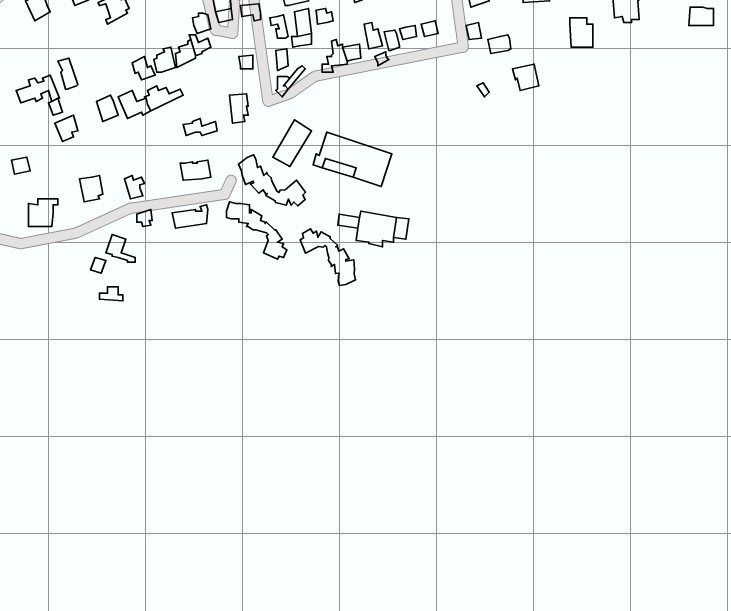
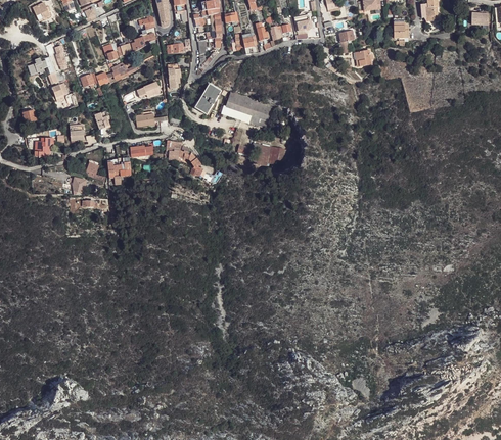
building: [238,155,306,206] -> none
building: none -> [107,157,131,182]
building: [300,229,355,286] -> none

